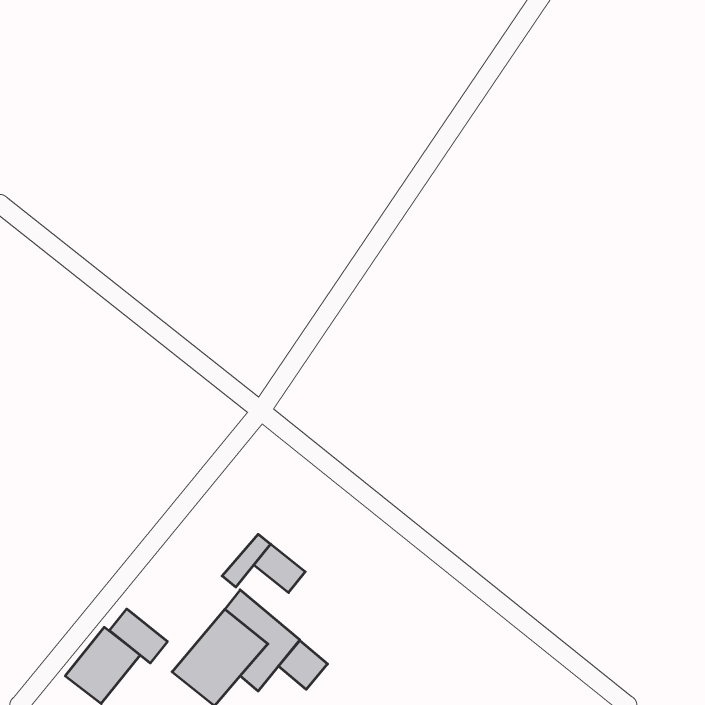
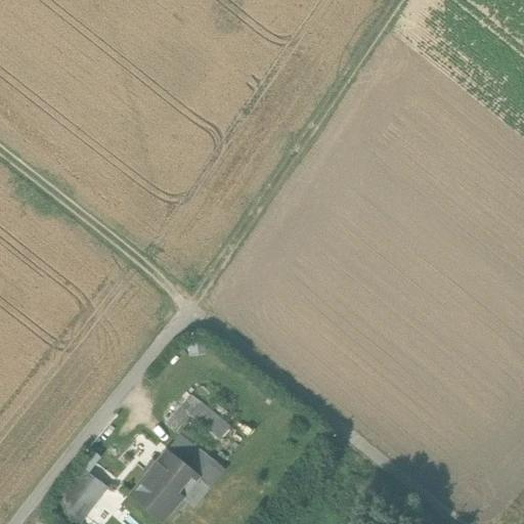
building: [109,609,167,663] -> none
building: [278,641,328,689] -> none

